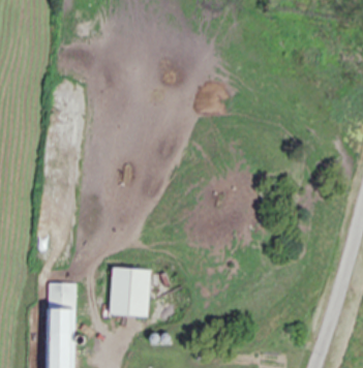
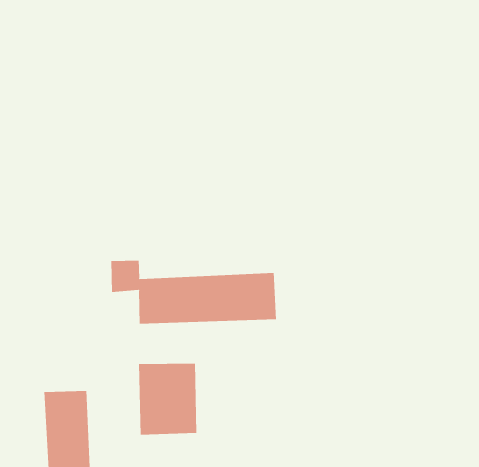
building: none -> [111,260,277,324]

